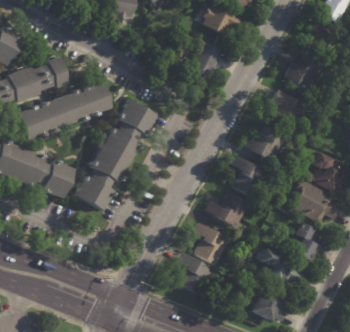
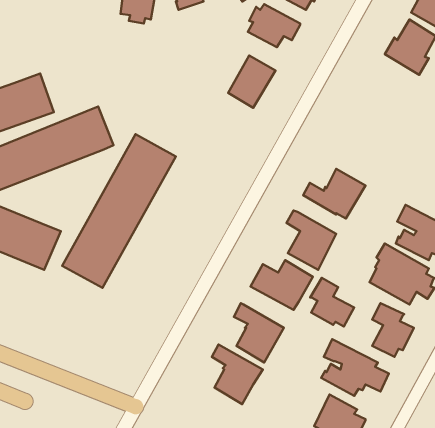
building: [286,54,328,91] -> none
building: [273,89,307,125] -> none
building: none -> [310,278,354,326]

